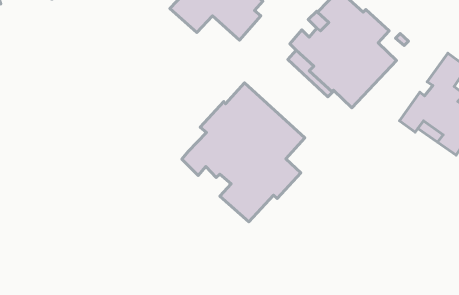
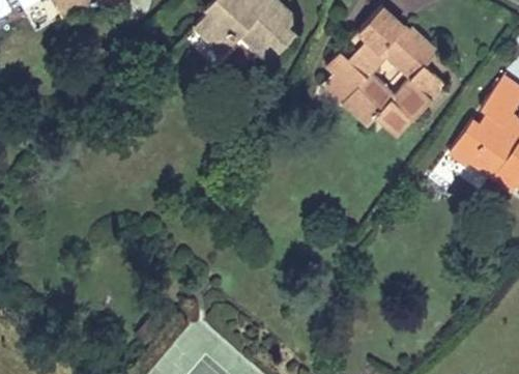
building: [182,83,305,222] -> none

